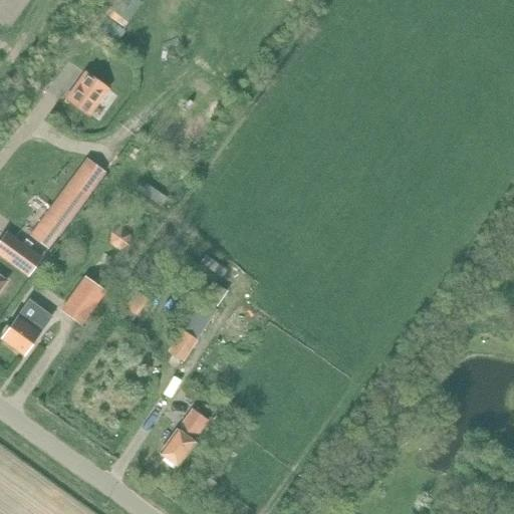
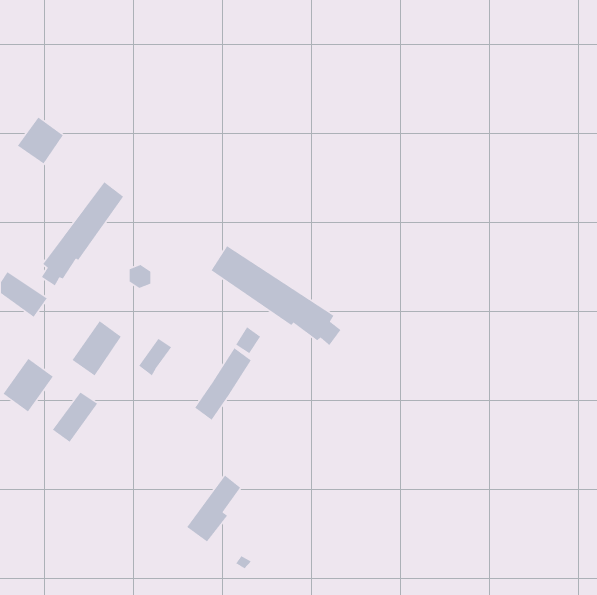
building: [67,72,107,113] -> [17,117,64,164]
building: none -> [211,245,342,346]
building: none -> [52,391,98,443]

